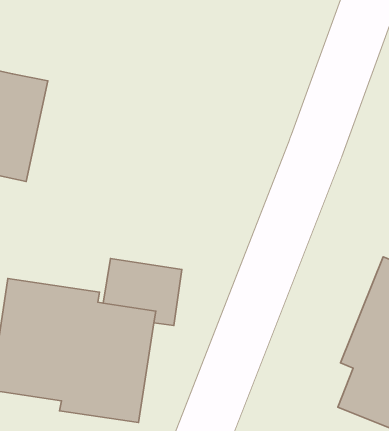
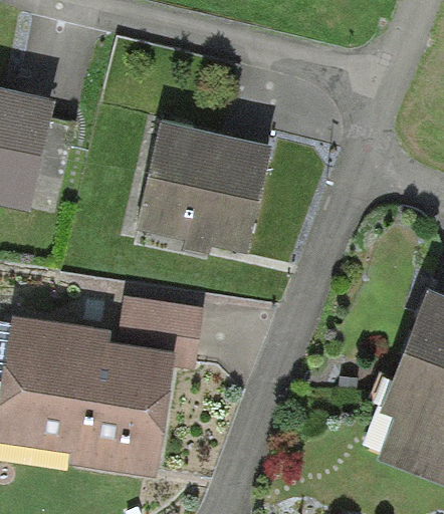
building: none -> [138,116,271,253]

